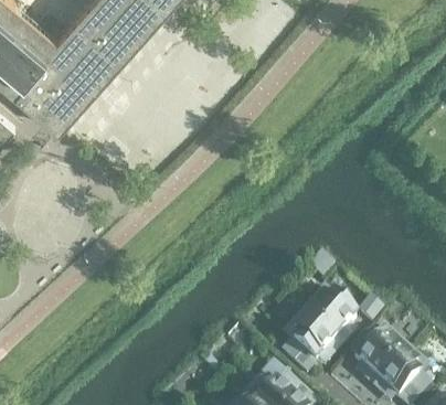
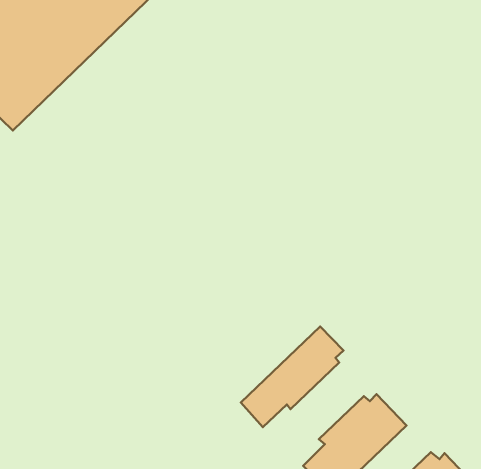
building: none -> [241,326,344,427]

